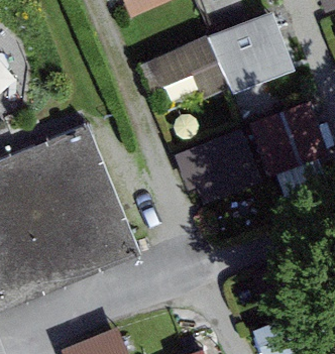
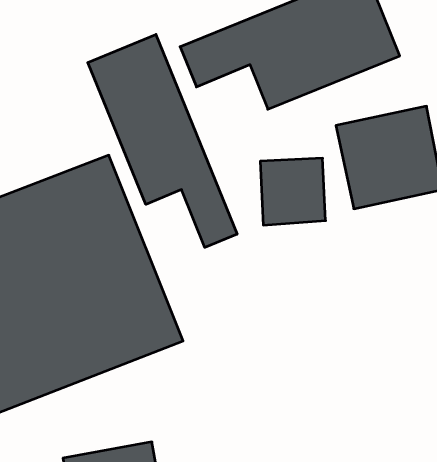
building: none -> [88,34,237,247]

